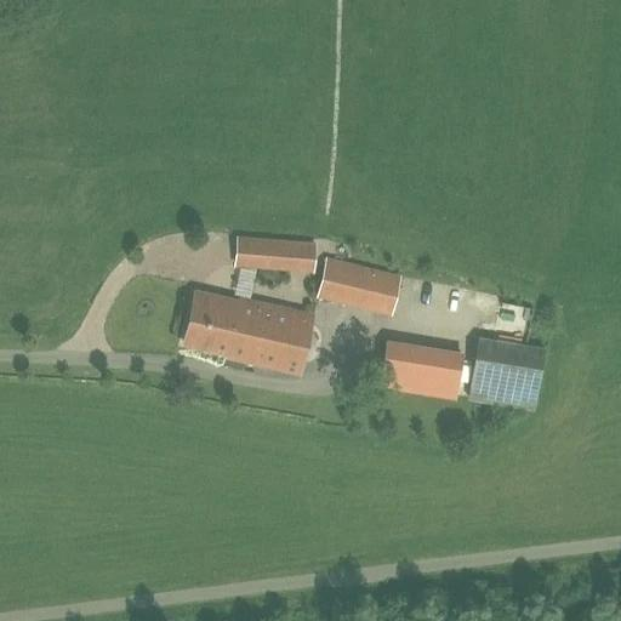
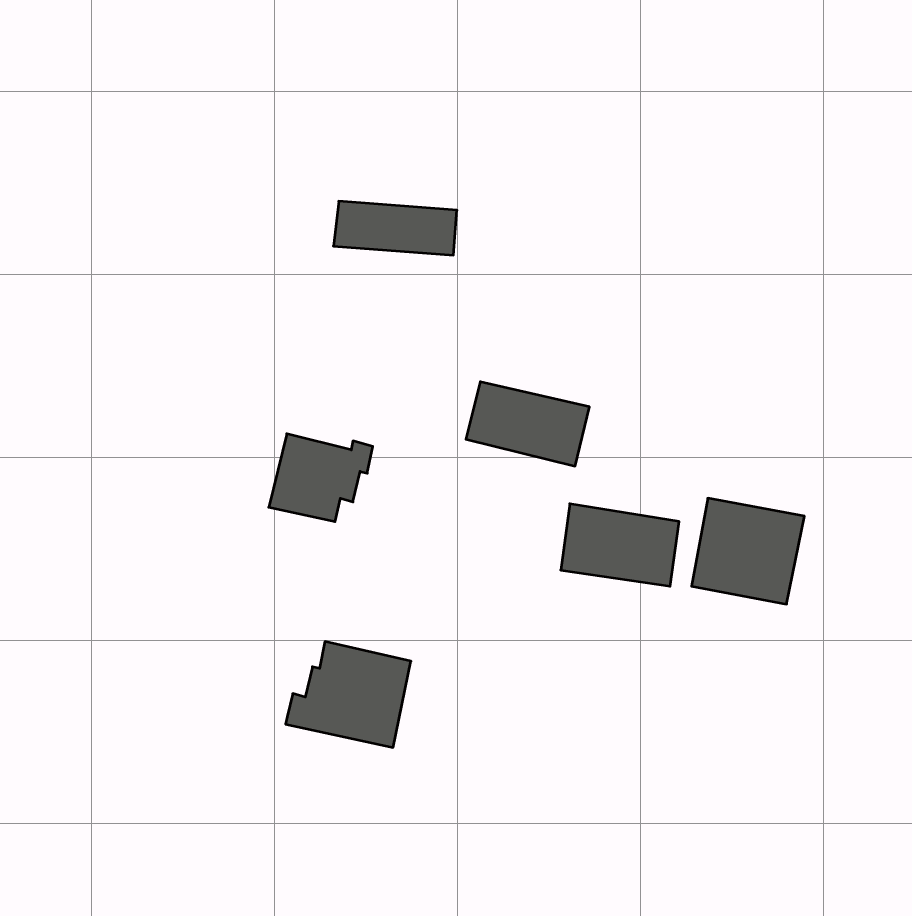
building: [234,237,318,273] -> [333,201,457,255]
building: [228,302,313,374] -> [286,642,411,747]

